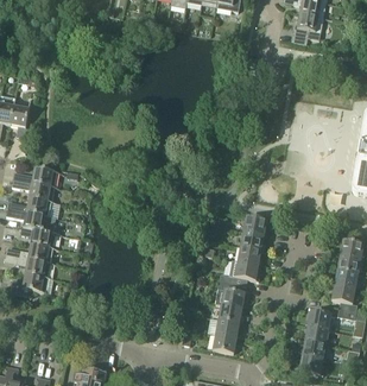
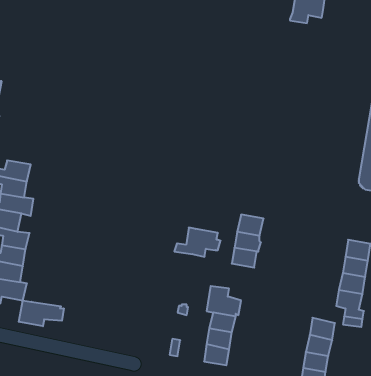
building: [220,258,261,284] -> [174,228,221,257]
building: none -> [19,301,64,326]

